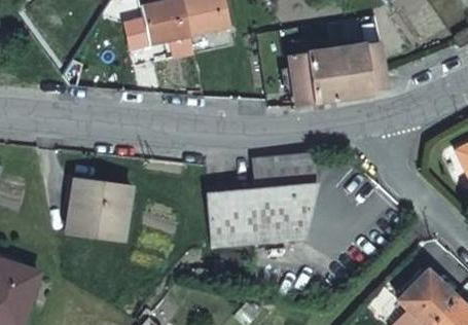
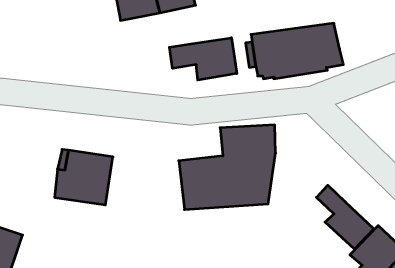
building: none -> [169,38,237,80]
building: none -> [316,185,374,249]

